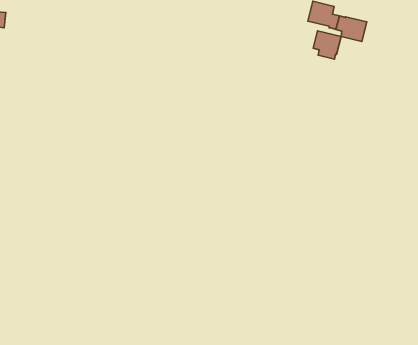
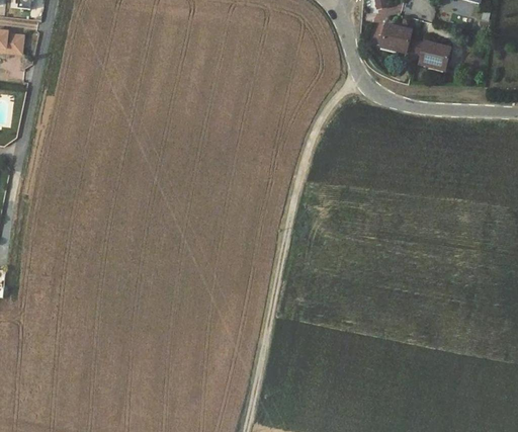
building: [313,31,341,59] -> none

